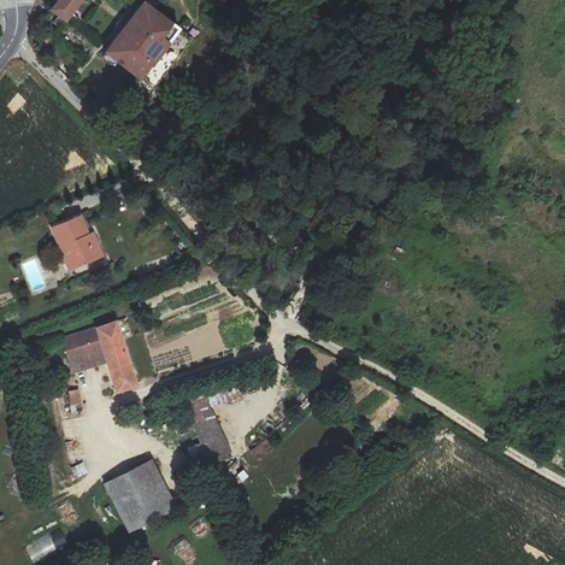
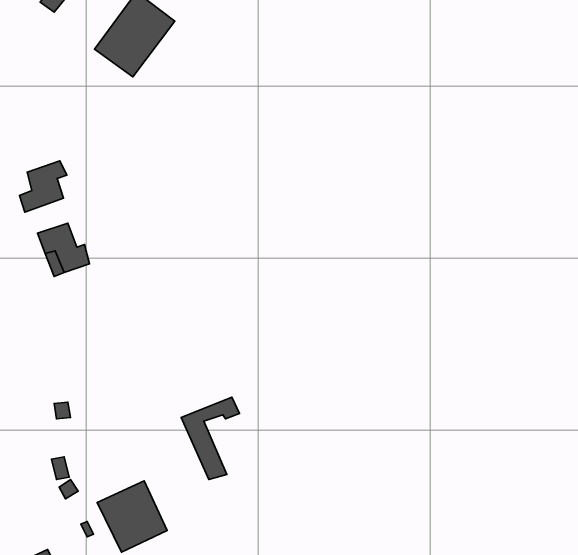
building: none -> [20,161,67,212]
building: [64,319,137,389] -> none

